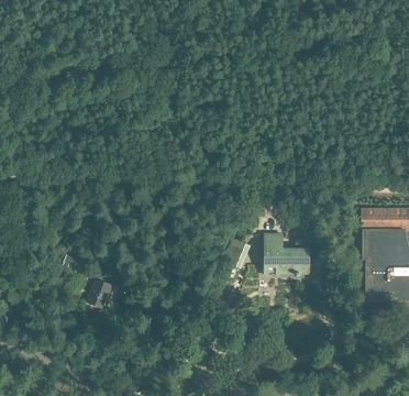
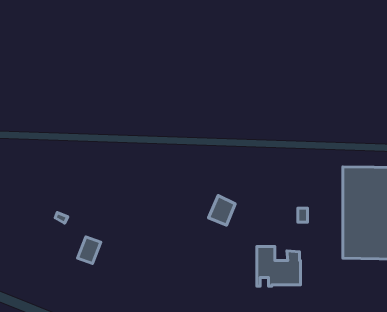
building: [265,233,310,274] -> [257,247,301,286]

